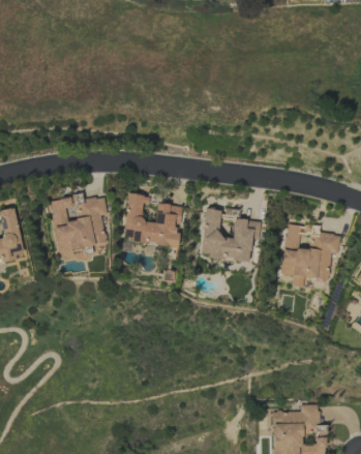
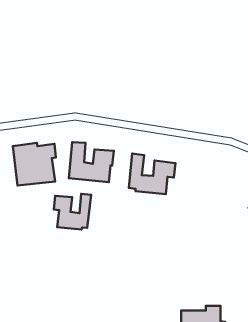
building: [281,223,340,286] -> none
building: none -> [54,194,91,230]

